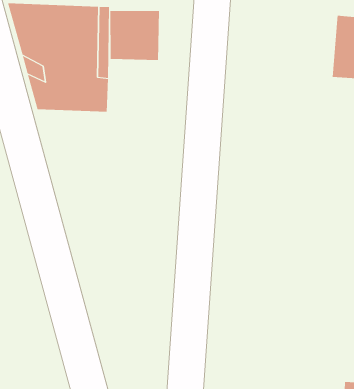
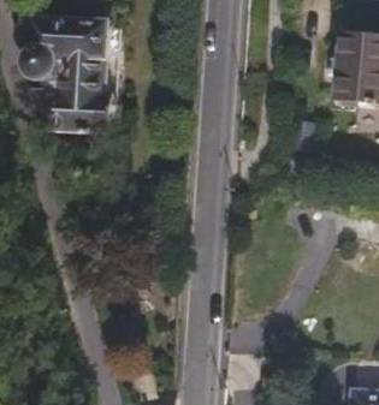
building: [110,10,159,61] -> none

